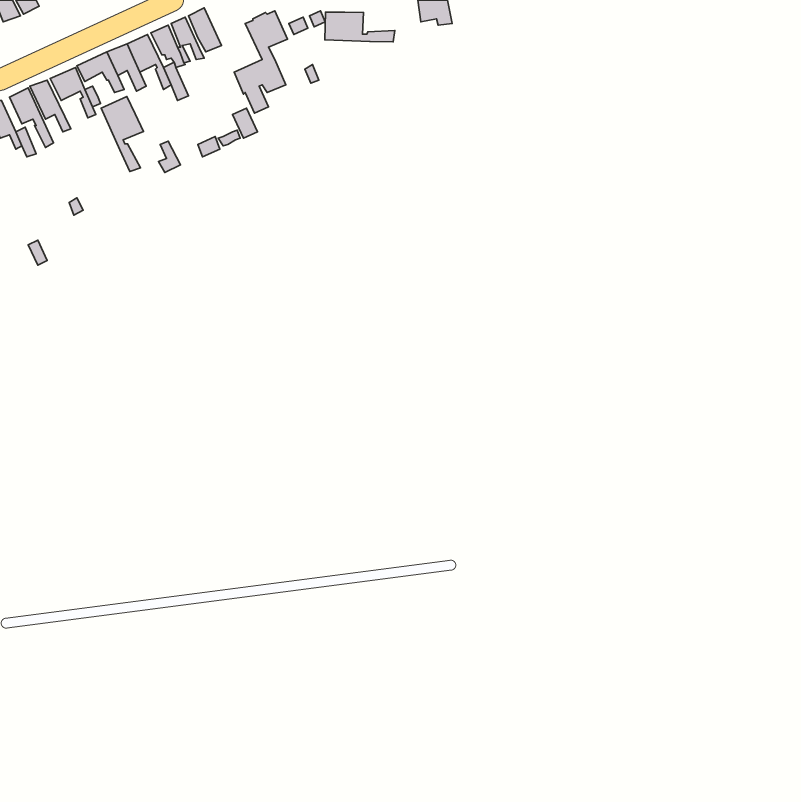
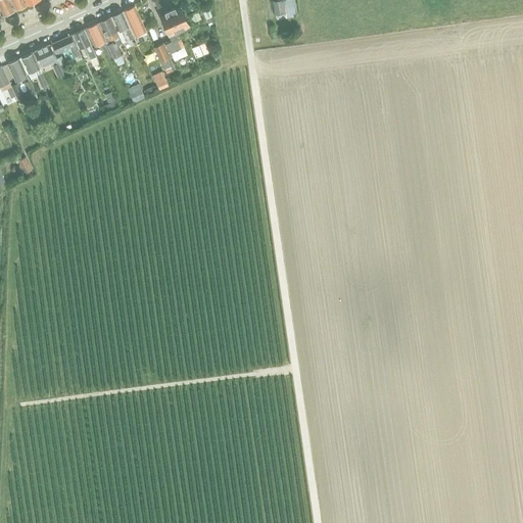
building: [325,12,395,42] -> none
building: [101,96,143,171] -> none

